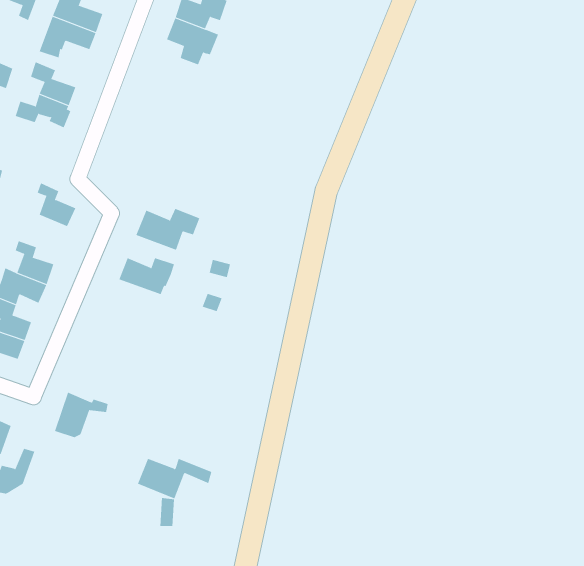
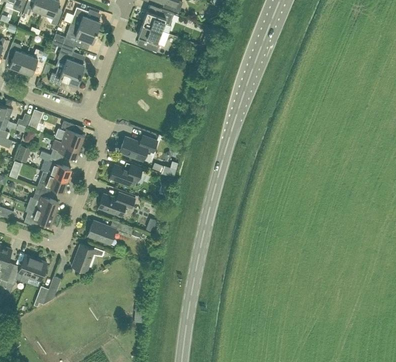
building: none -> [50,139,79,158]
building: none -> [98,191,134,215]
building: [137,458,212,499] -> [87,220,131,244]

